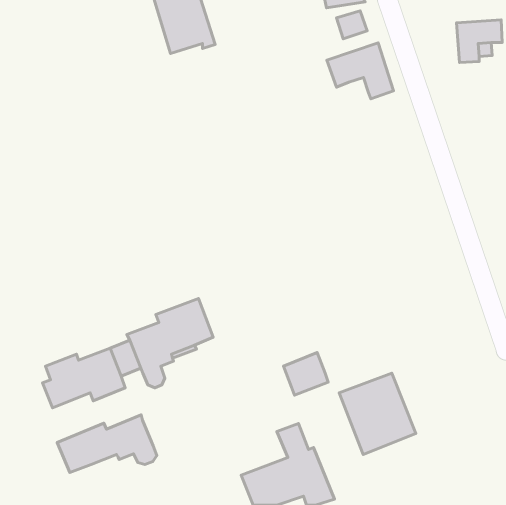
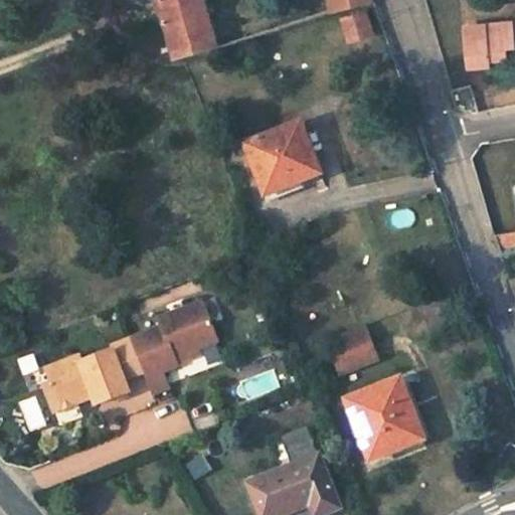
building: [327,43,394,99] -> none
building: none -> [243,122,319,194]
building: [284,352,328,395] -> [330,327,375,370]
building: [57,415,157,473] -> none

